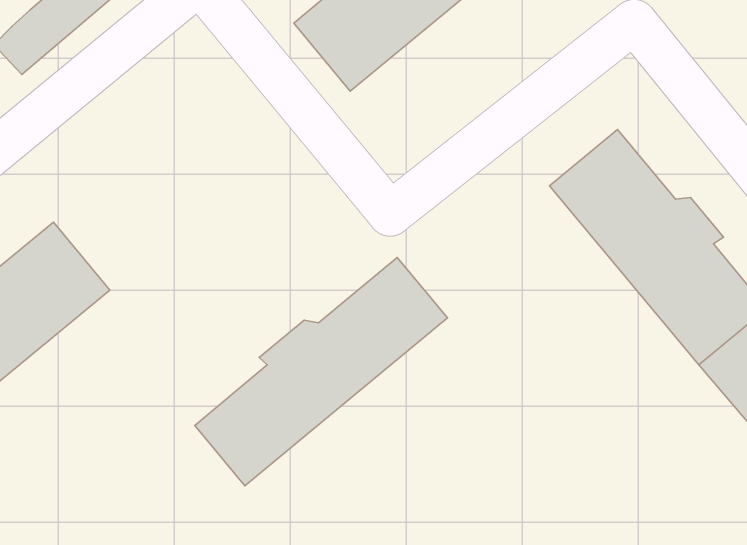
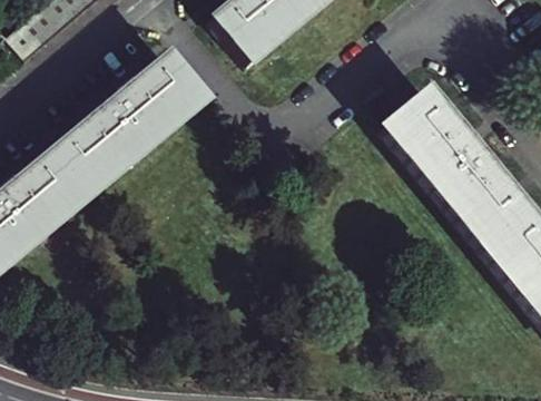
building: none -> [52,57,207,200]
building: [195,258,448,486] -> none

